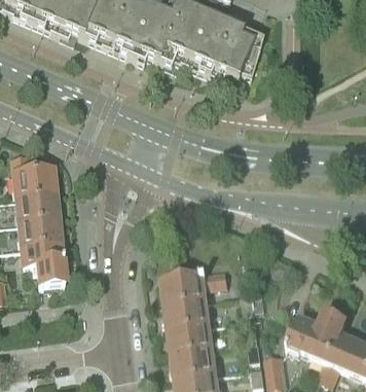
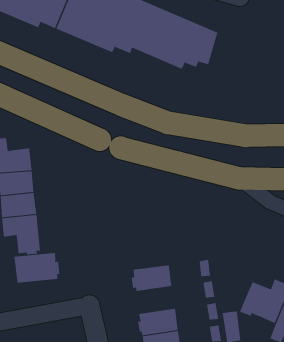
building: [160,269,225,302] -> none
building: none -> [14,252,60,283]
building: [168,321,214,352] -> none

